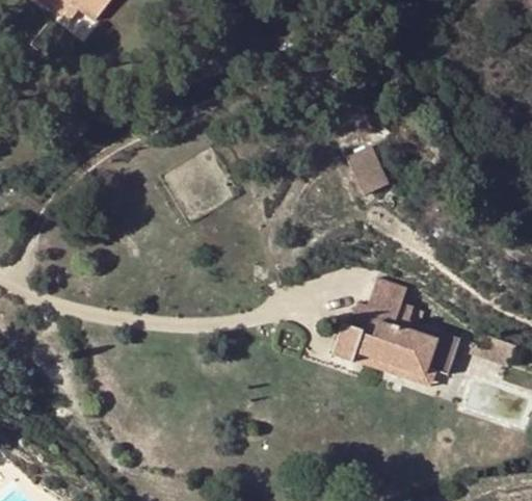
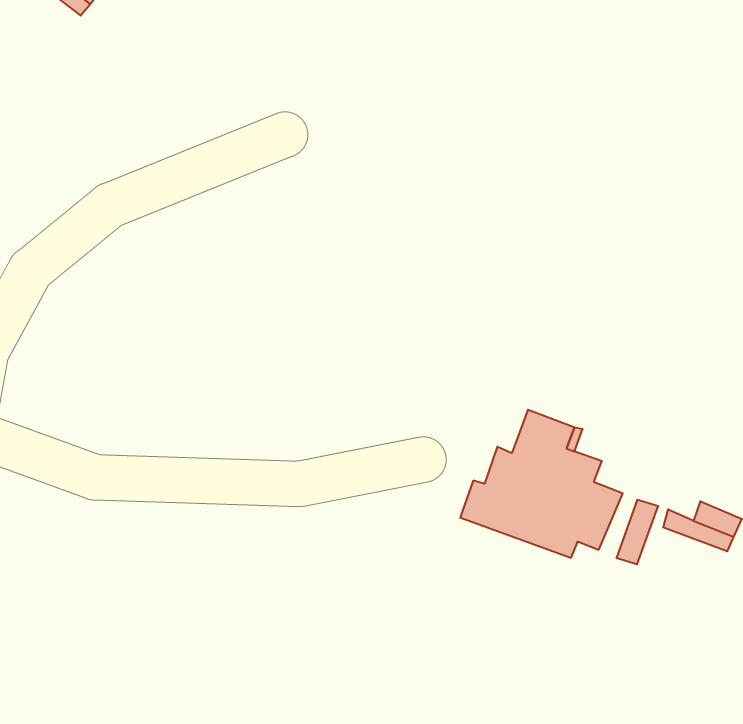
building: [346,144,391,194] -> none
building: [331,331,450,387] -> none

